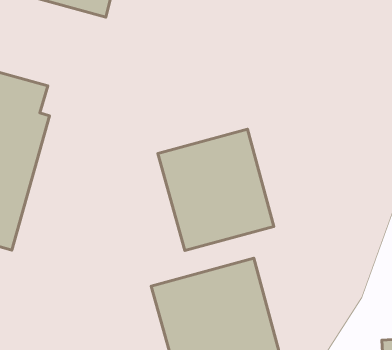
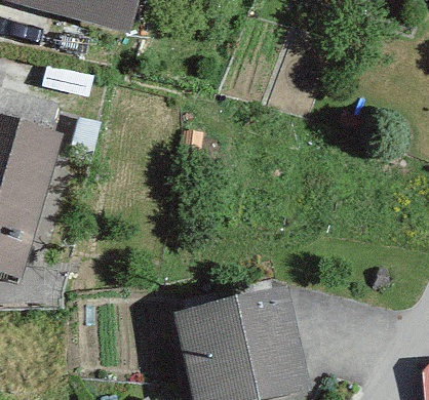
building: [158,129,274,250] -> none

